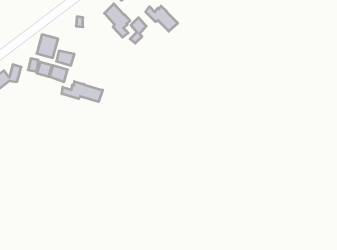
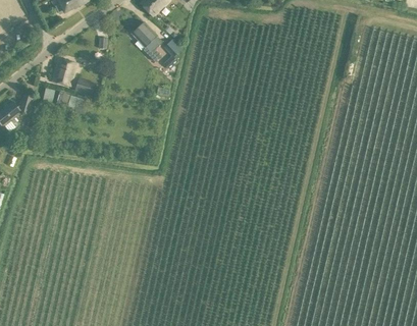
building: [146,6,178,31] -> none
building: [62,81,103,102] -> none

